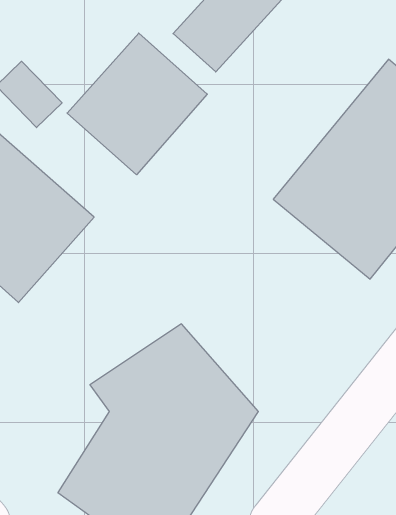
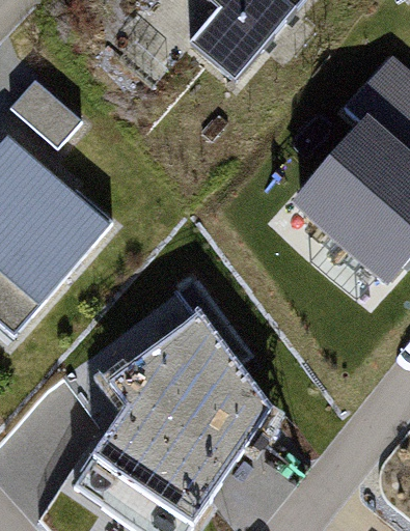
building: [67,33,207,175] -> none

